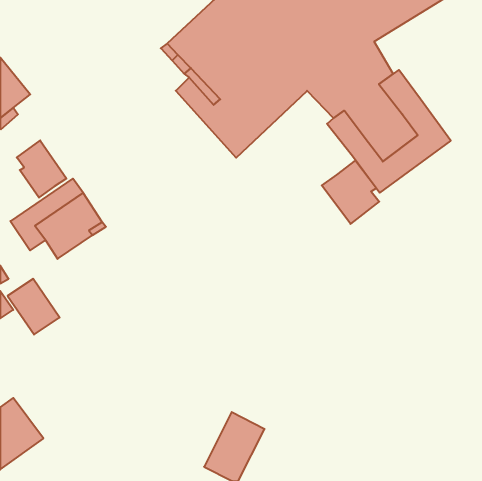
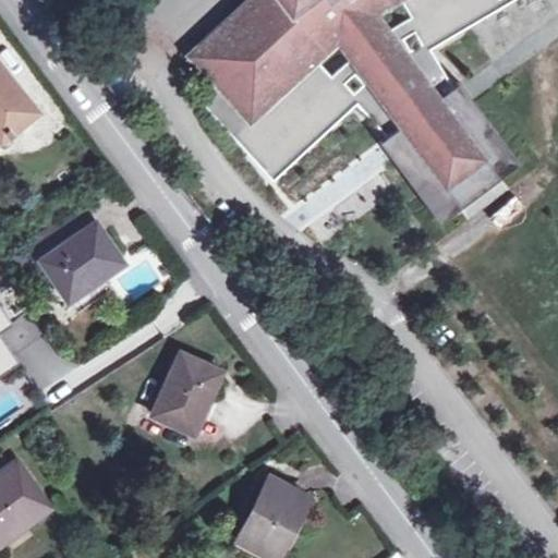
building: [17,140,66,198] -> none
building: [322,160,379,224] -> none
building: none -> [151,351,221,430]

